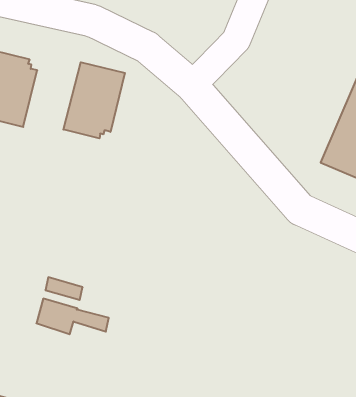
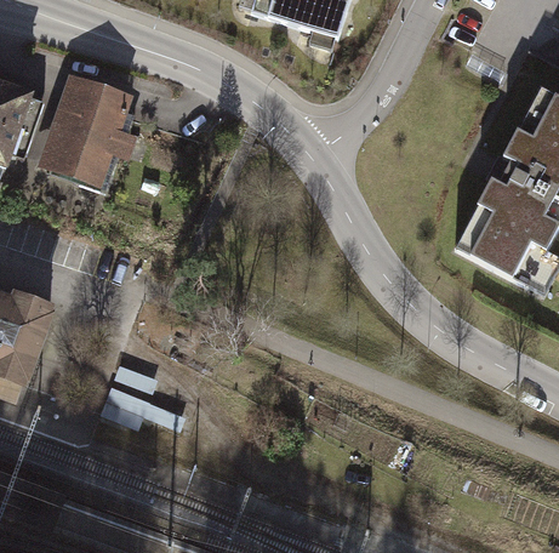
building: [63,62,125,138] -> none

